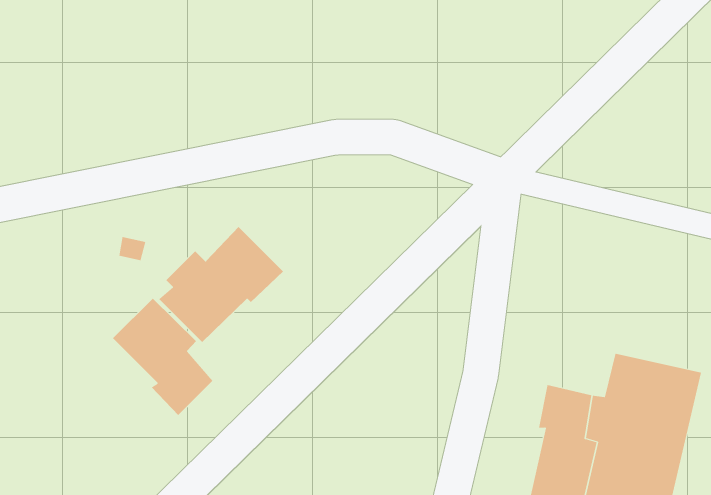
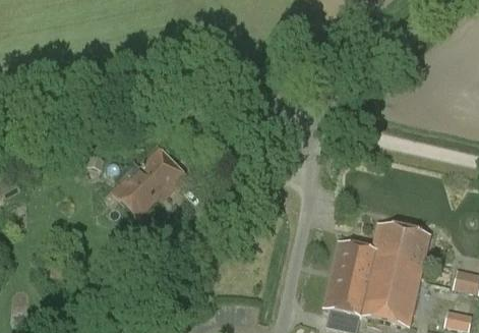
building: [112,298,213,416] -> none

